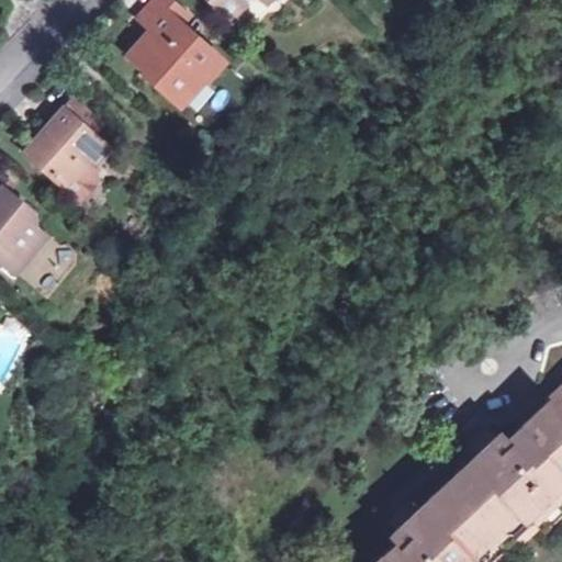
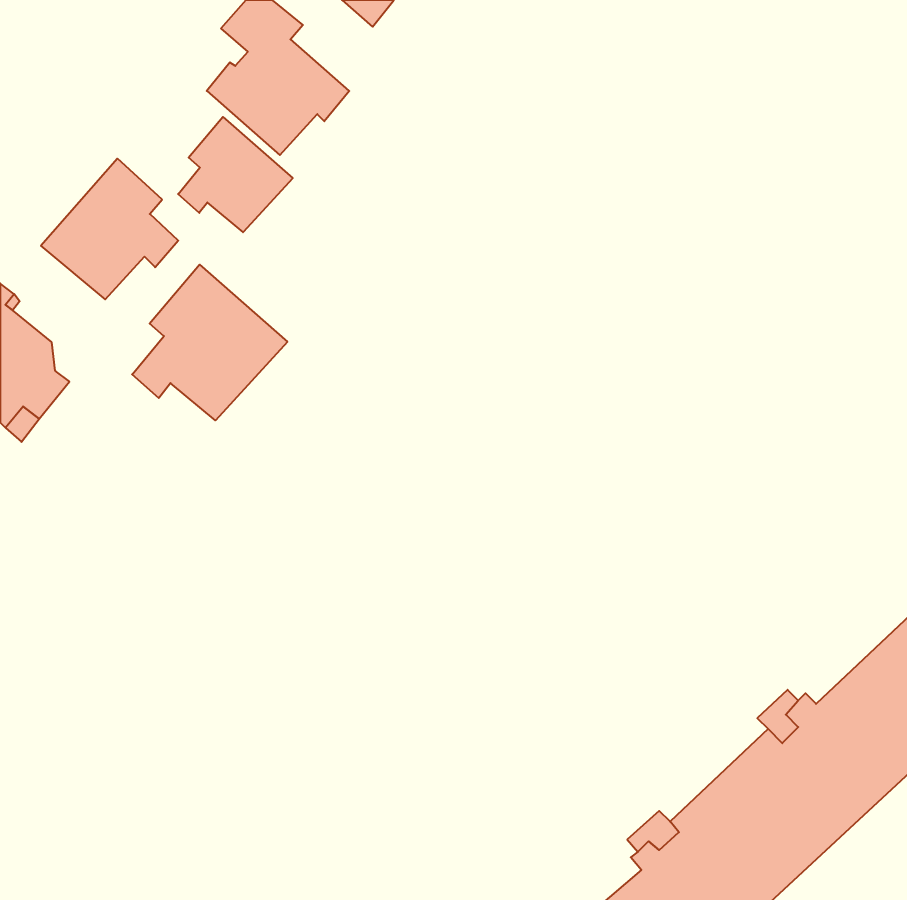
building: none -> [178,117,293,232]
building: none -> [132,265,287,420]

